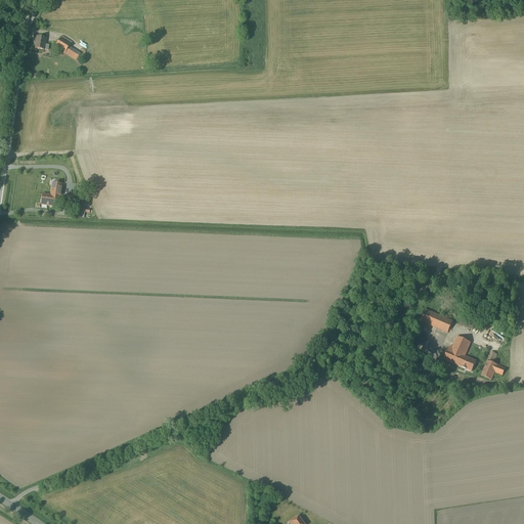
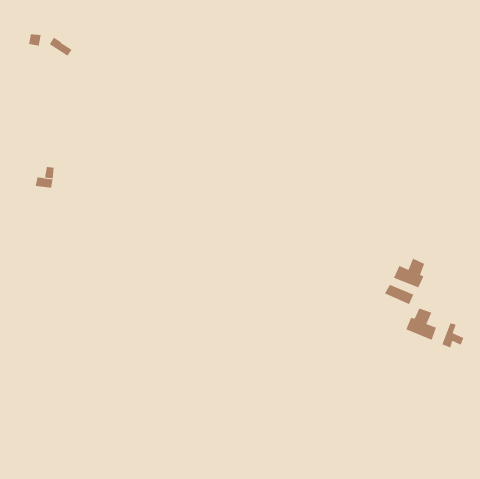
building: none -> [393,258,425,288]

